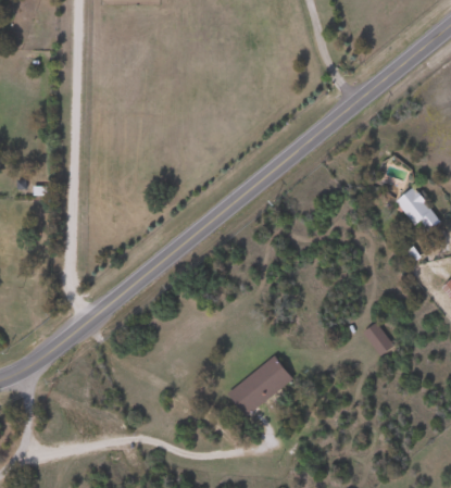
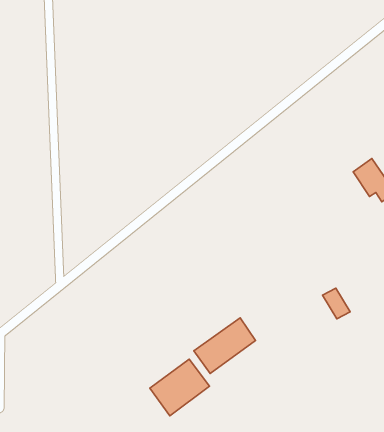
building: none -> [150,359,210,416]

